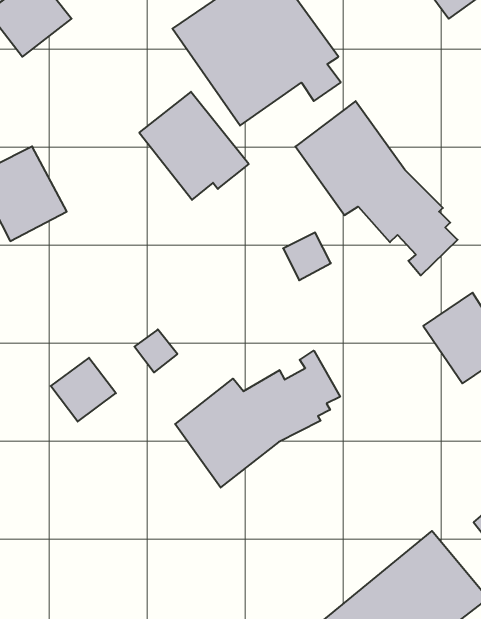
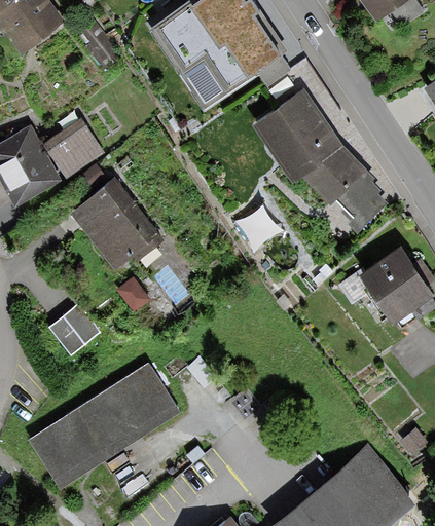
building: [139,92,249,200] -> [71,179,162,269]
building: none -> [44,119,104,178]
building: [175,351,340,488] -> none
building: none -> [26,363,180,492]

